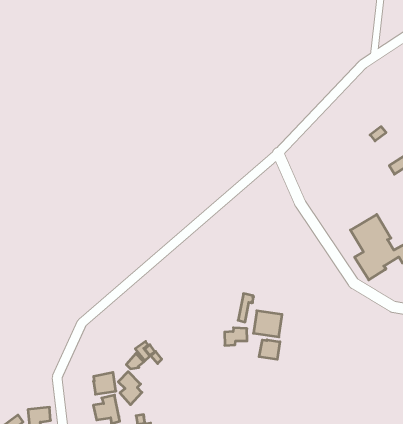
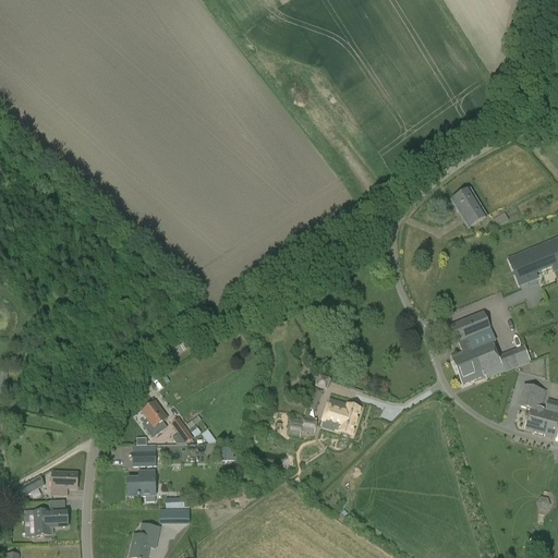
building: none -> [451,187,487,227]
building: [259,340,280,359] -> none
building: [118,372,142,405] -> [142,400,167,438]

